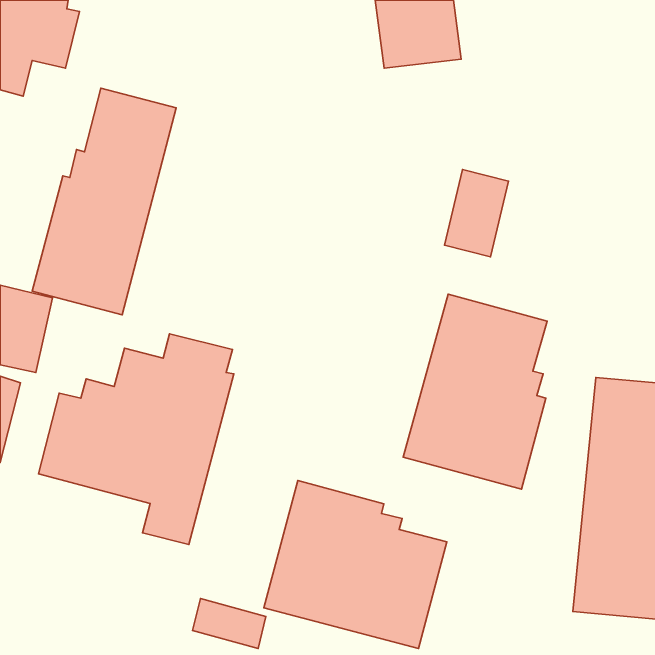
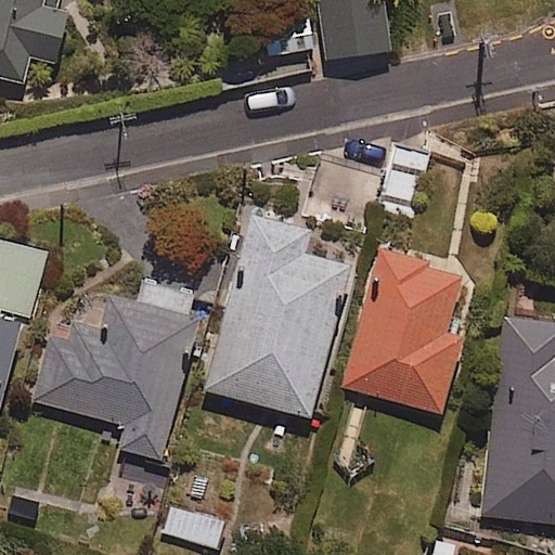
building: [32,88,176,315] -> none
building: none -> [204,211,349,417]
building: [264,480,447,648] -> none

